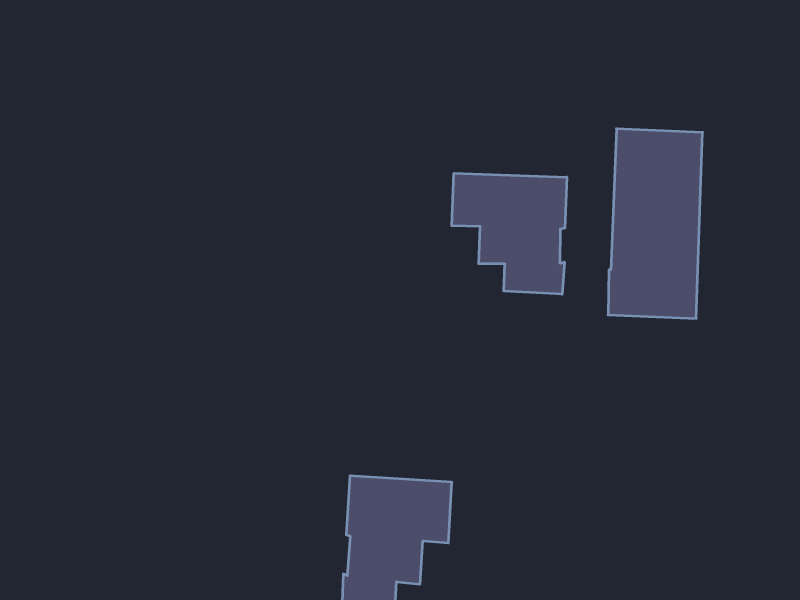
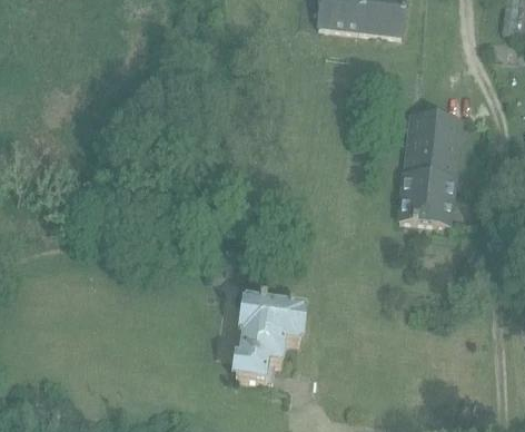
building: [452,173,567,294] -> none

